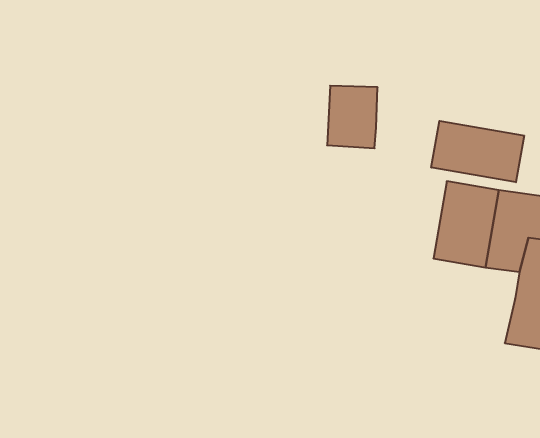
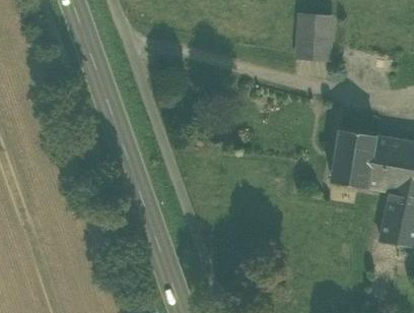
building: [327,86,378,148] -> [297,15,332,58]
building: [431,121,524,182] -> none

